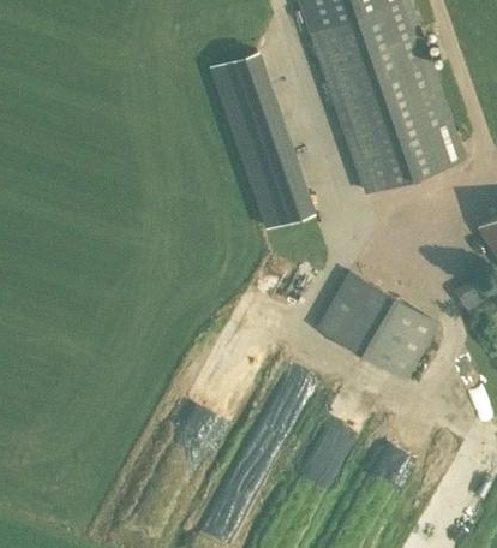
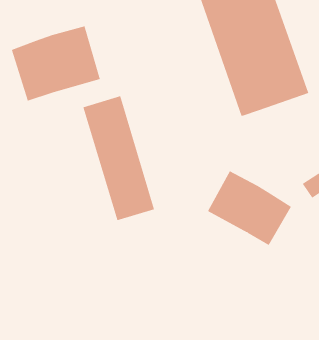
building: [214,48,318,230] -> [83,96,155,221]
building: none -> [11,26,101,101]

